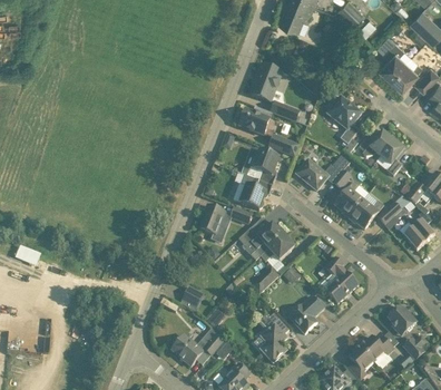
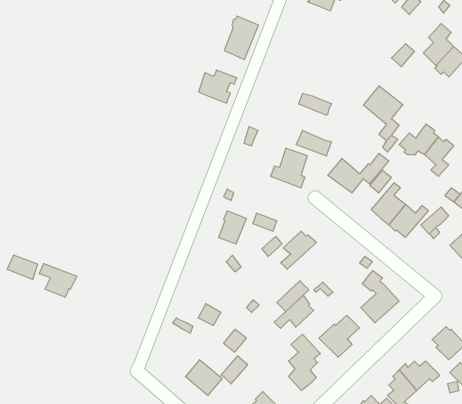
building: [251,64,281,101] -> [224,16,259,59]
building: [238,106,272,135] -> [199,70,237,103]
building: [239,175,272,209] -> none
building: [259,233,294,262] -> [274,295,314,328]
building: none -> [39,263,77,297]

